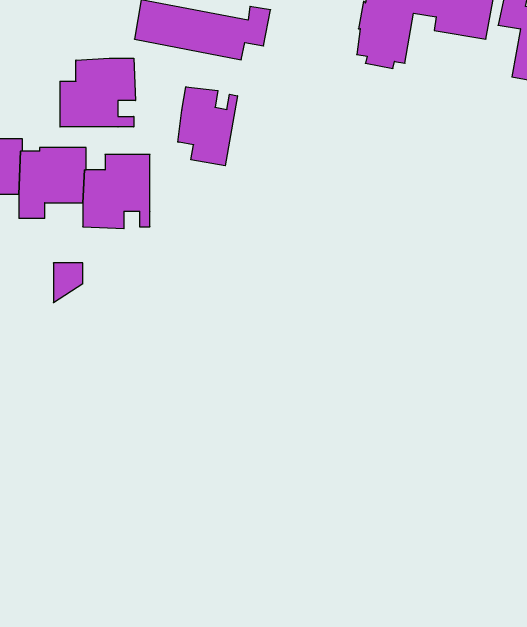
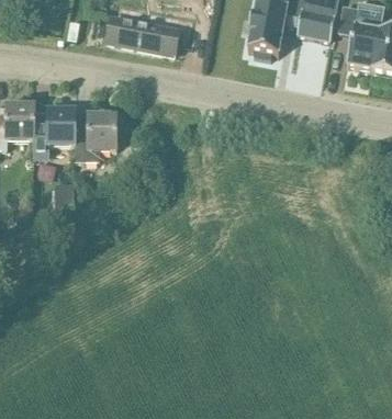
building: [60,58,135,127] -> none
building: [178,87,237,166] -> none

